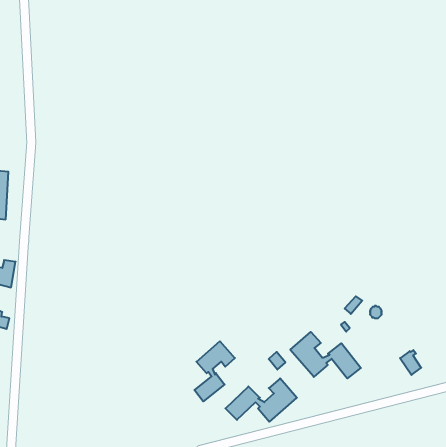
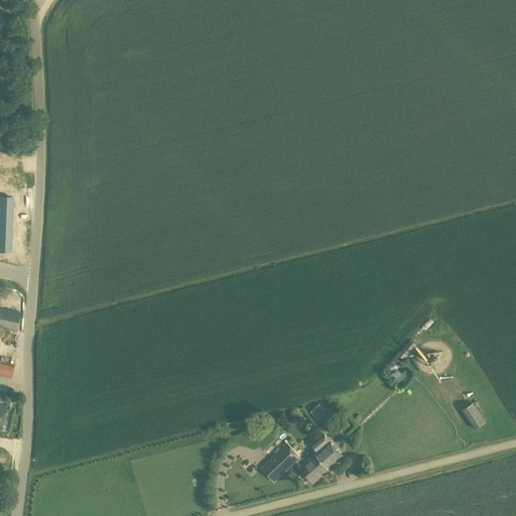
building: [290,332,361,378] -> none
building: [194,341,235,401] -> none

